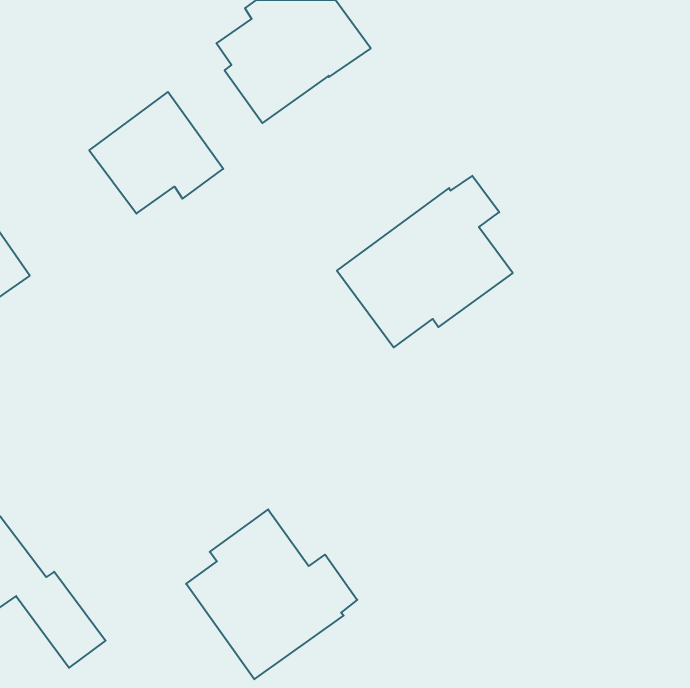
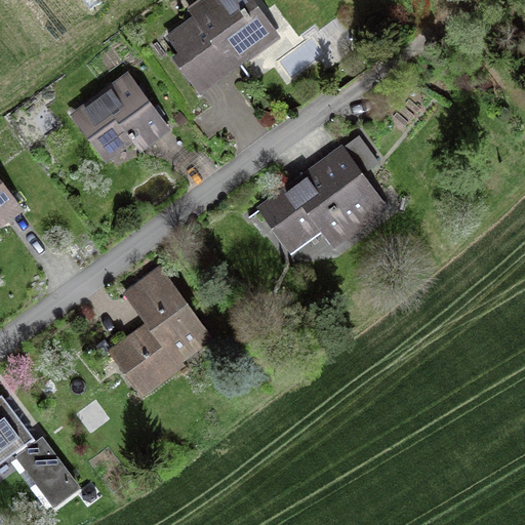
building: none -> [102,265,213,398]
building: [186,509,357,679] -> none

